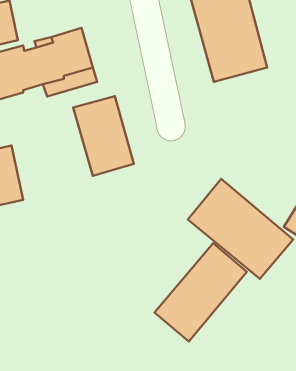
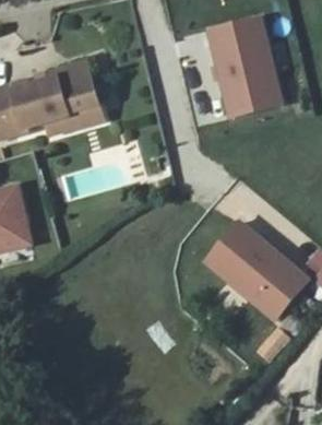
building: [73,96,134,176] -> none
building: [154,243,247,341] -> none

